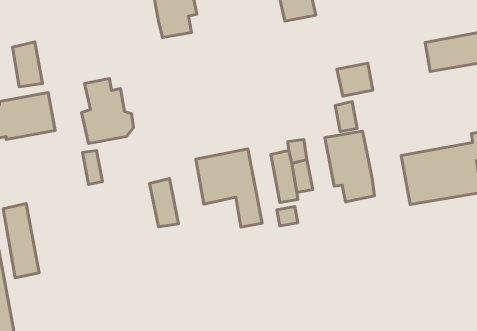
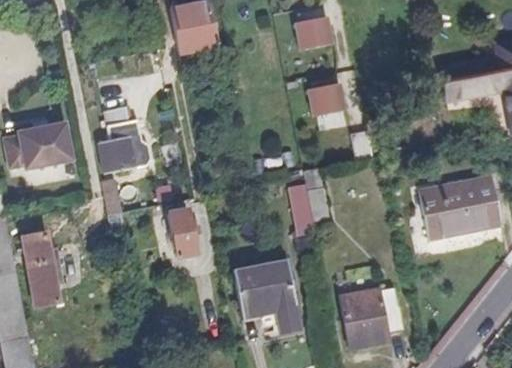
building: [12,42,42,87] -> none
building: [337,63,373,96] -> [310,84,346,117]
building: [325,131,374,202] -> none
building: [196,149,262,227] -> [234,265,300,343]
building: none -> [341,287,400,343]

